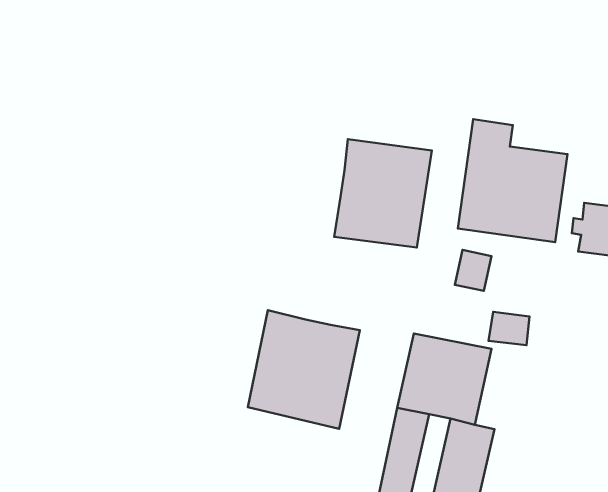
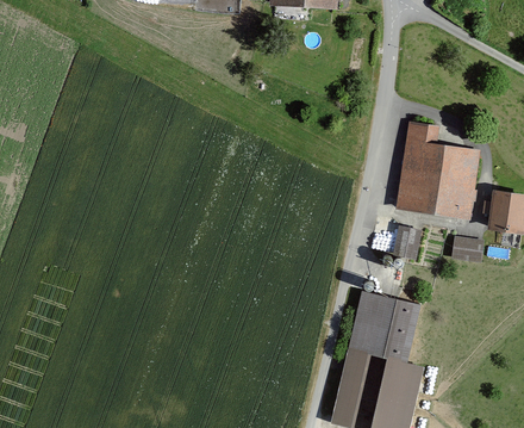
building: [334,139,432,247] -> none
building: [248,310,360,429] -> none
building: [489,312,530,345] -> [450,237,482,263]

